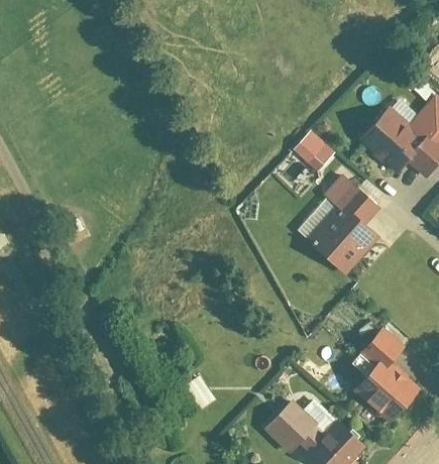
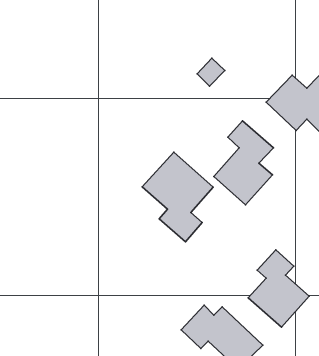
building: [304,137,338,171] -> [197,58,225,86]
building: none -> [142,152,213,242]

